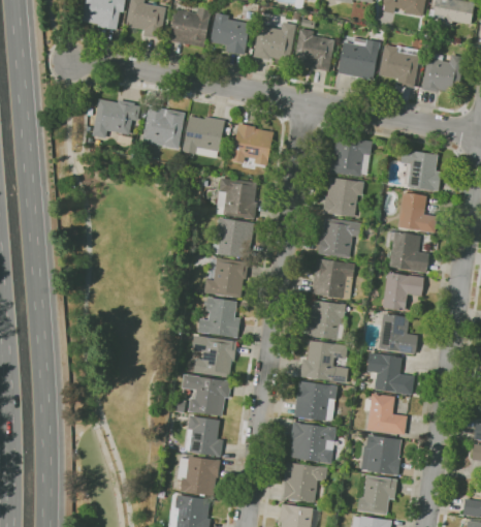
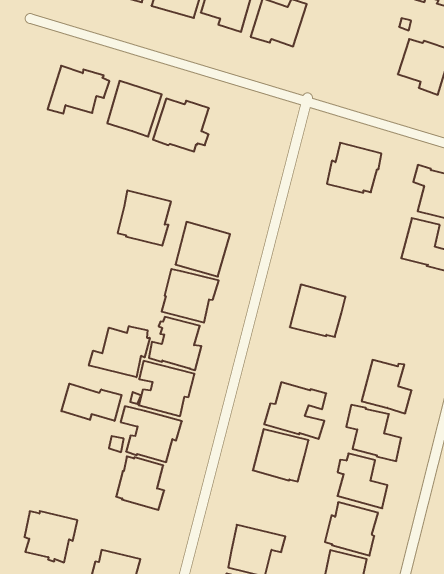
building: [294,28,334,70] -> none
building: [339,37,380,79] -> none
building: [231,123,274,165] -> none
building: [216,177,257,219] -> [118,190,171,246]
building: [323,177,363,216] -> none
building: [317,218,361,258] -> none
building: [384,231,429,273] -> none
building: [382,272,424,310] -> none
building: [306,300,346,339] -> none
building: none -> [89,326,150,377]
building: none -> [61,384,122,421]
building: [291,422,335,463] -> none
building: [178,456,220,496] -> [24,511,77,562]

